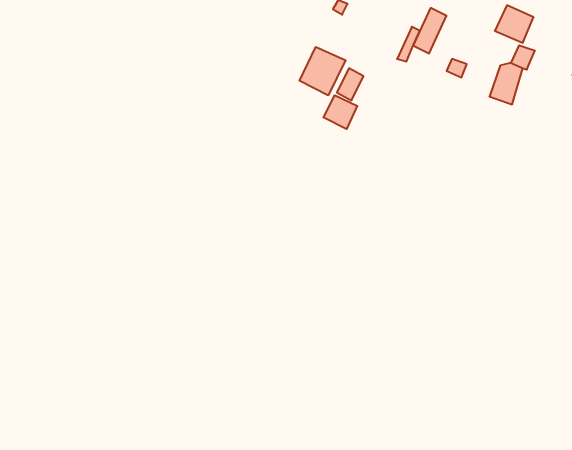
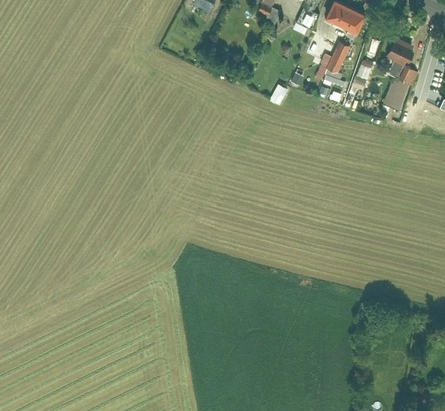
building: [300,47,346,95] -> none
building: [324,95,357,129] -> none

